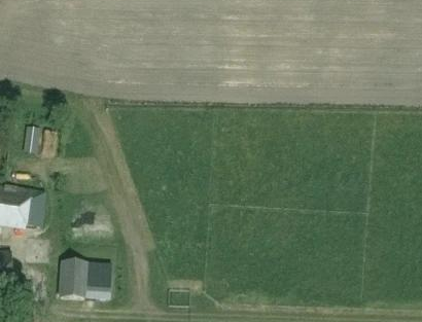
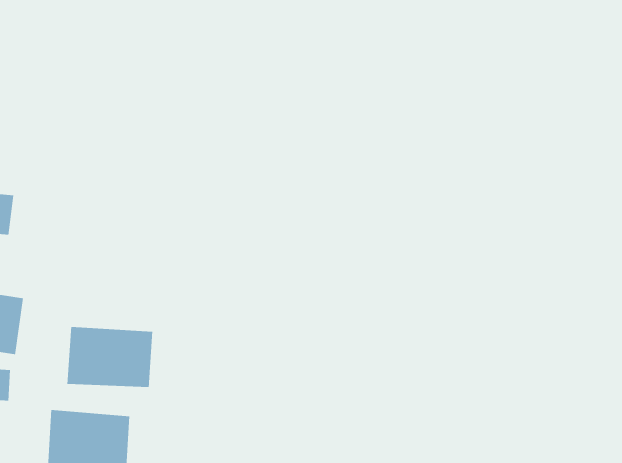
building: none -> [67,326,153,388]

